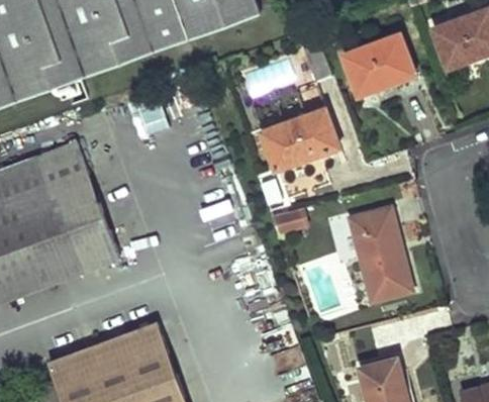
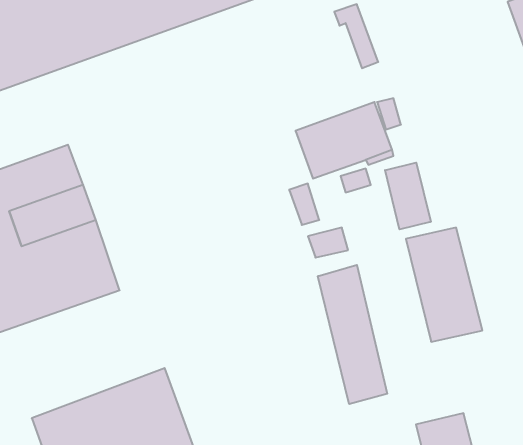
building: [343,32,416,94] -> none
building: none -> [385,163,431,229]
building: none -> [318,265,387,404]

